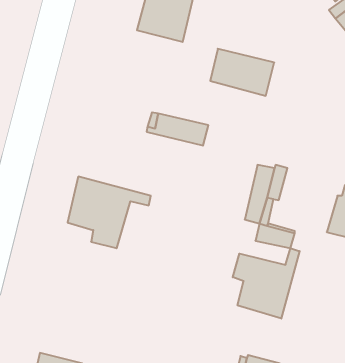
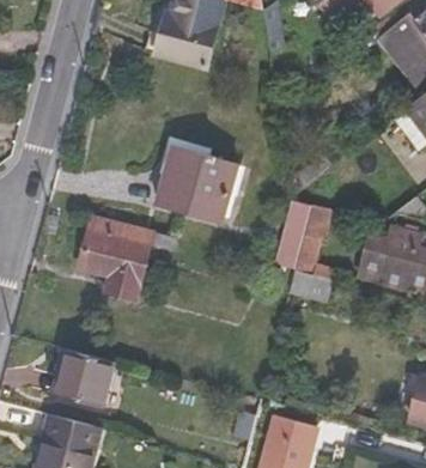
building: [210,49,274,96] -> [159,168,231,220]
building: [233,248,300,319] -> none
building: none -> [56,348,111,408]

